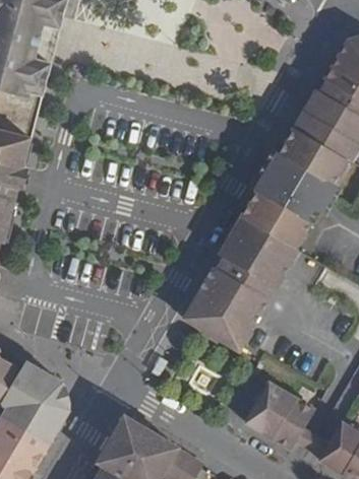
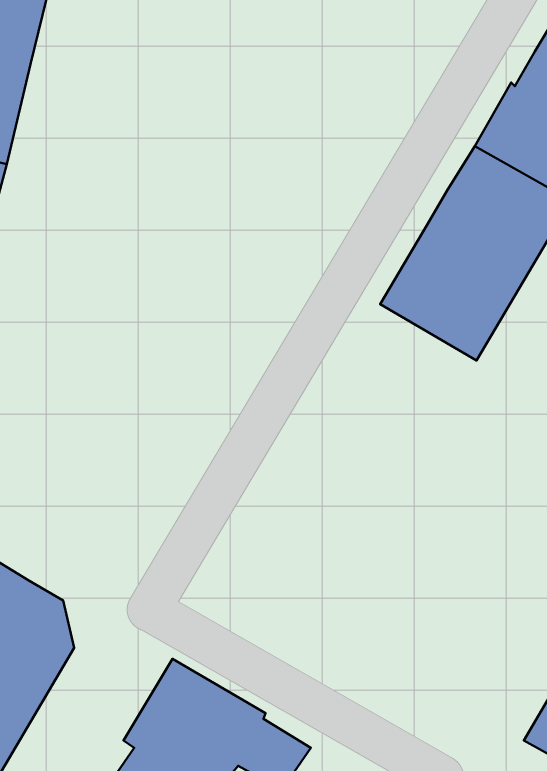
building: [183,216,296,348] -> none
building: [245,383,312,449] -> none

